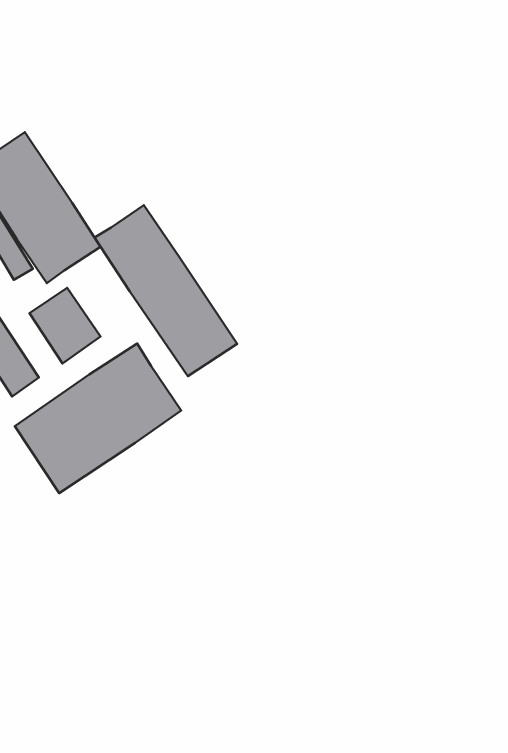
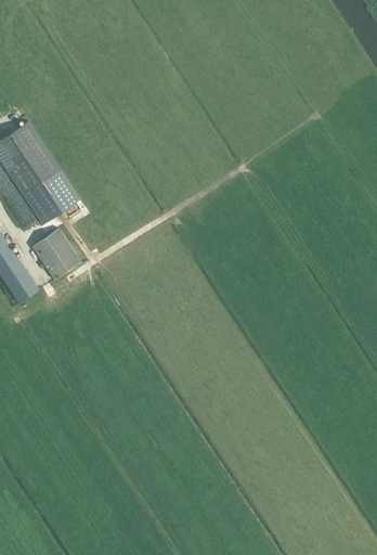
building: [94,205,237,376] -> none
building: [15,343,181,493] -> none

